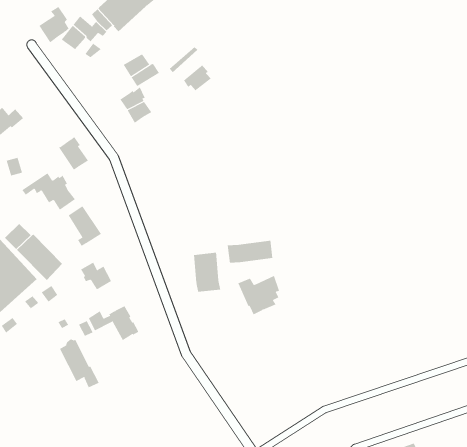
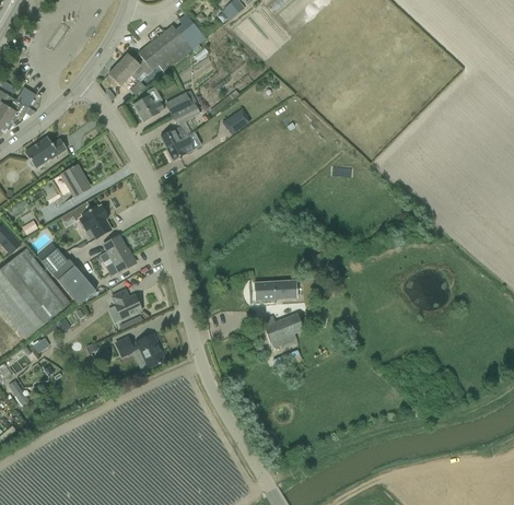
building: [38,6,69,43] -> [133,86,163,121]
building: [58,136,89,171] -> [60,164,89,197]
building: [193,252,221,293] -> none
building: [59,338,99,388] -> none

